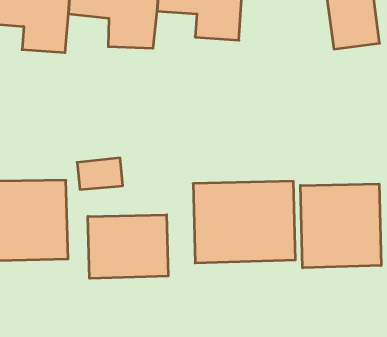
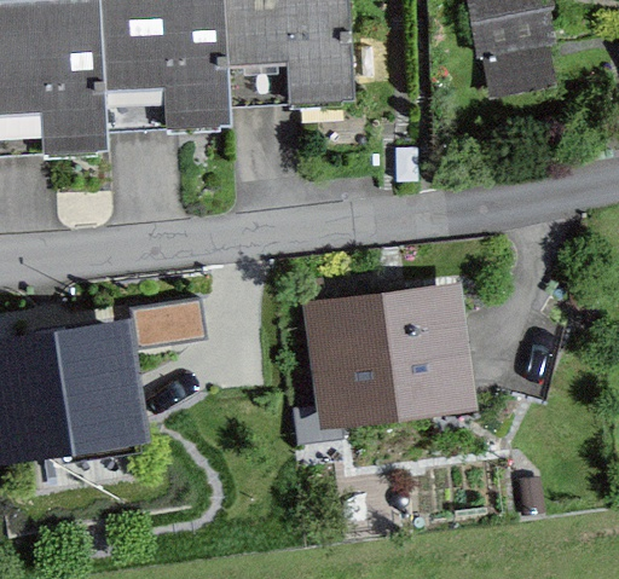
building: [300,184,381,268] -> none
building: [88,215,168,278] -> none

